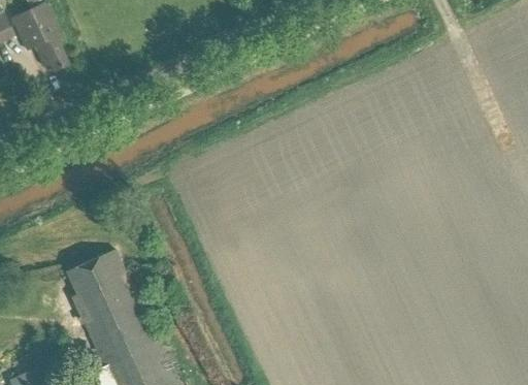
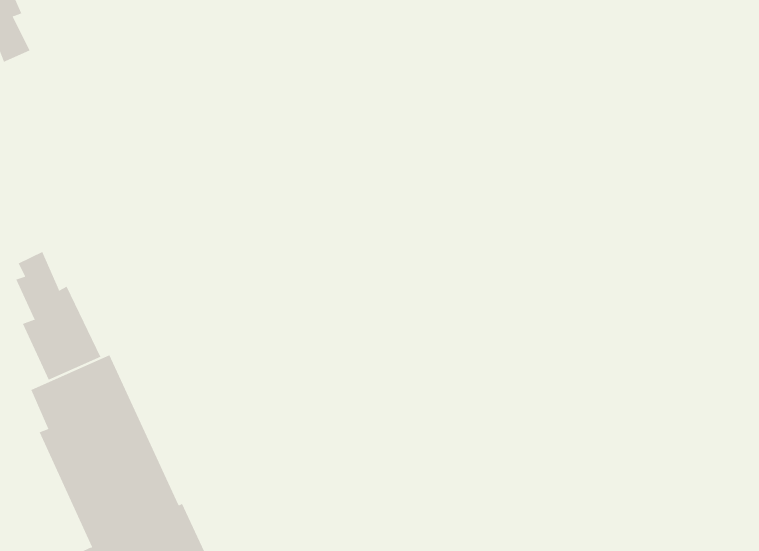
building: none -> [16,251,101,380]

